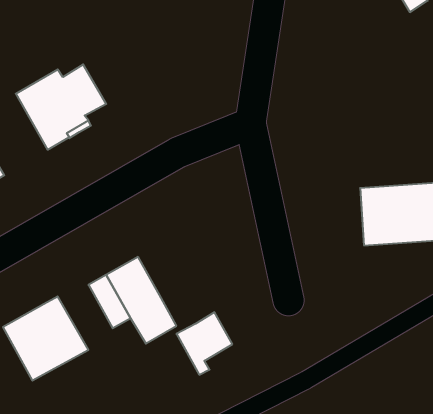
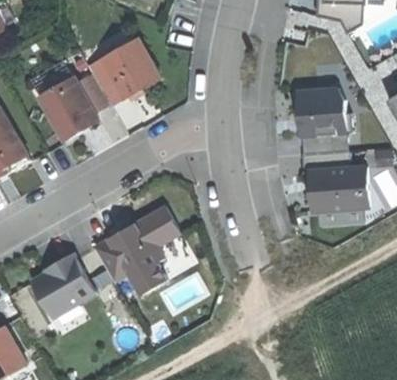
building: none -> [87,38,159,105]
building: none -> [295,85,346,140]
building: [176,312,232,375] -> [134,207,178,256]

